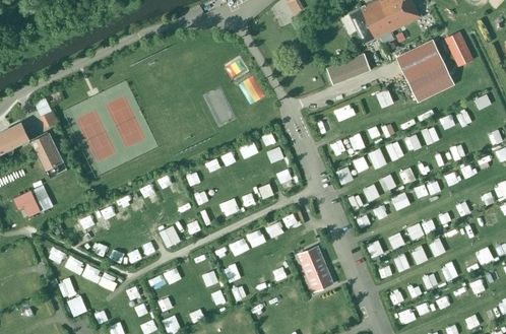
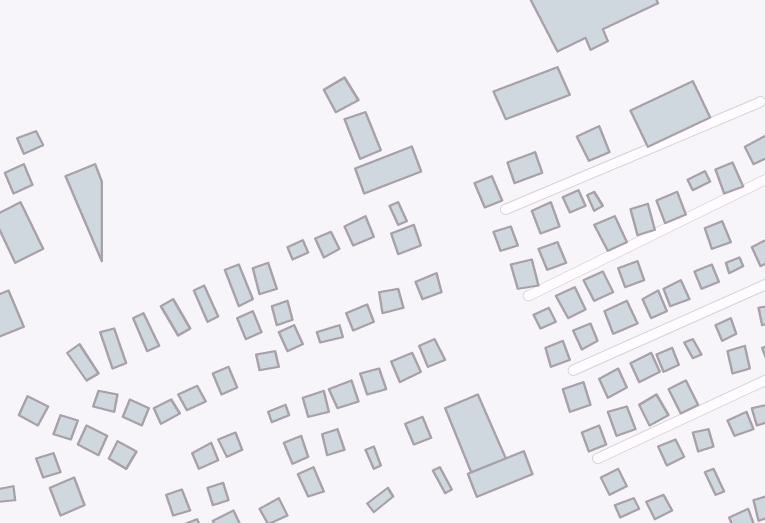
building: [444,31,472,66] -> none
building: [395,40,443,79] -> none
building: none -> [355,146,421,194]
building: none -> [468,451,533,497]

